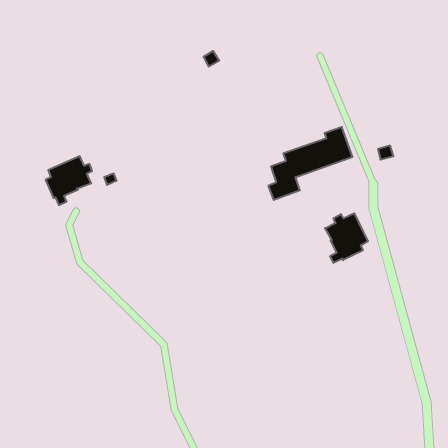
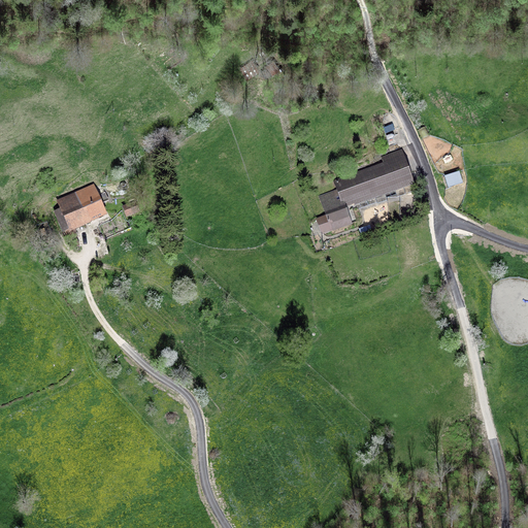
building: [325,213,368,263] -> none

